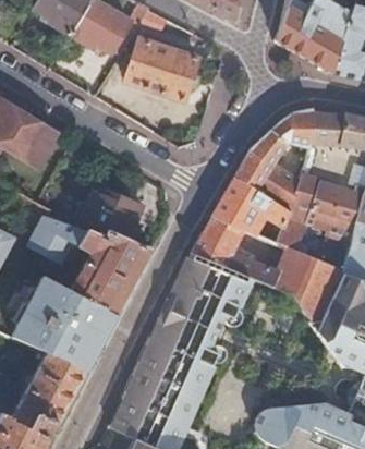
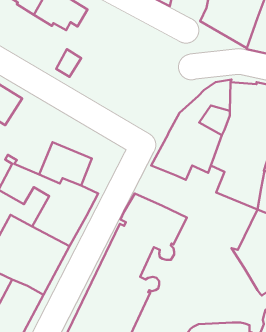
building: [126,38,198,98] -> none
building: [195,216,344,318] -> none

